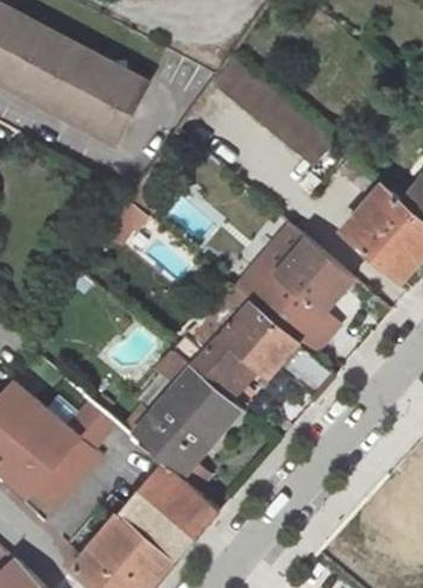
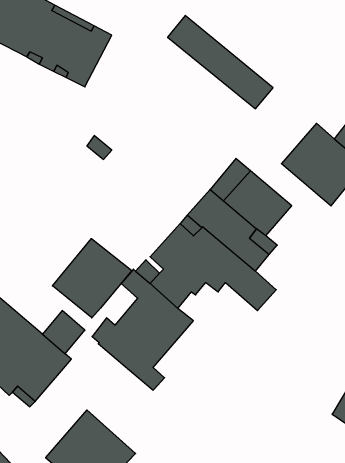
building: none -> [52,239,132,318]
building: [118,463,219,563] -> none

